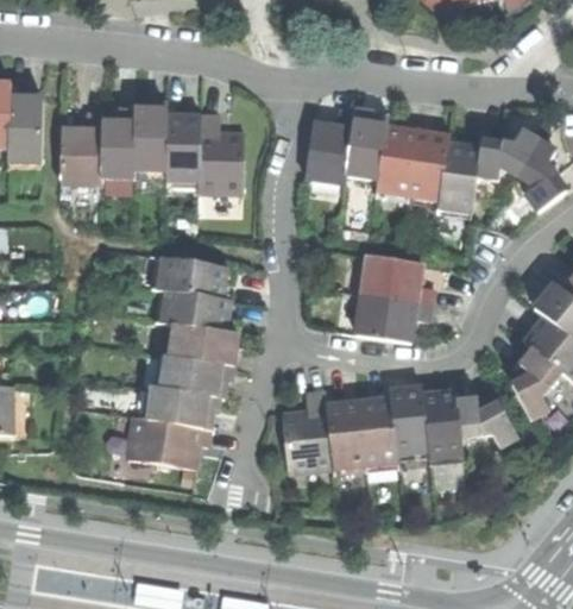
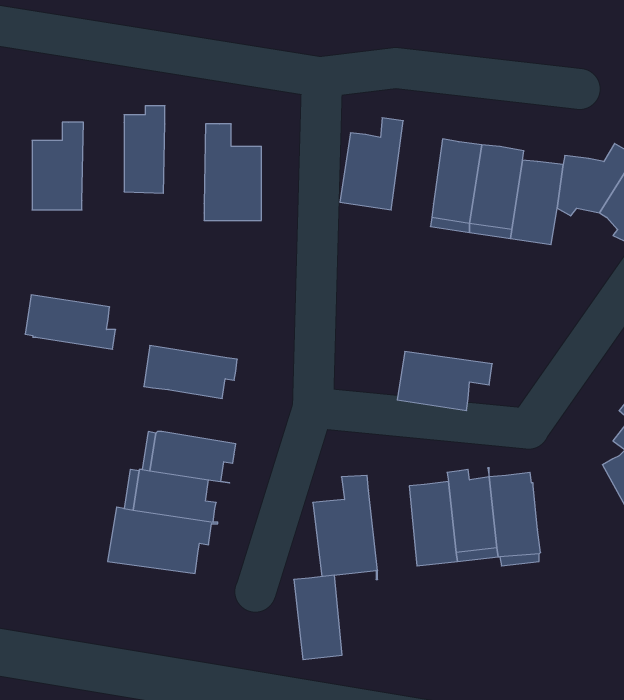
building: [348,108,390,177] -> none
building: [103,113,137,176] -> none
building: [168,114,201,177] -> none
building: [358,253,429,303] -> none
building: [149,256,220,299] -> [25,295,116,349]
building: [166,324,232,366] -> none
building: [459,397,520,445] -> none
building: [329,400,367,466] -> [294,575,342,660]

